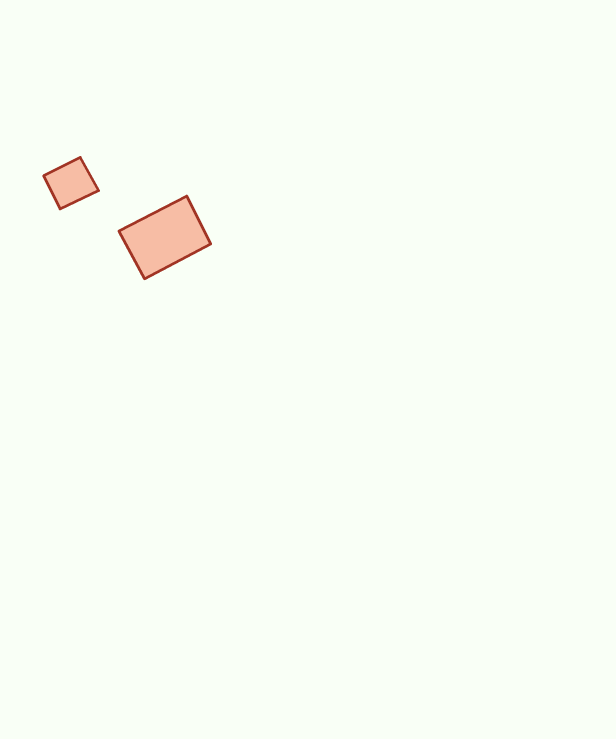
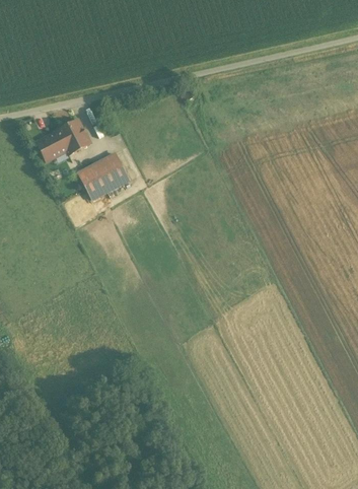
building: none -> [56,119,91,154]

